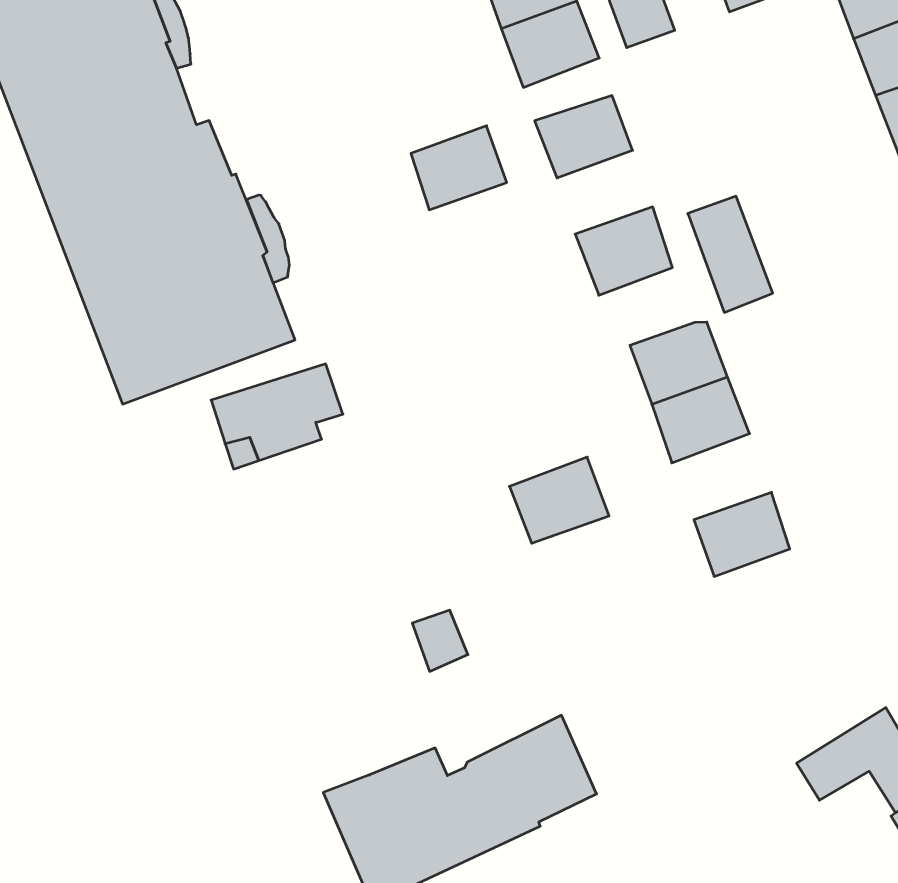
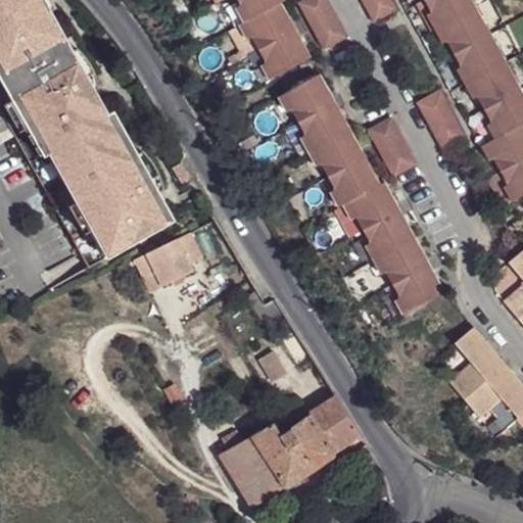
building: [411,126,507,210] -> [297,101,348,148]
building: none -> [417,92,463,144]
building: none -> [327,158,378,204]
building: [509,457,609,543] -> [376,238,429,286]
building: none -> [445,330,503,403]

